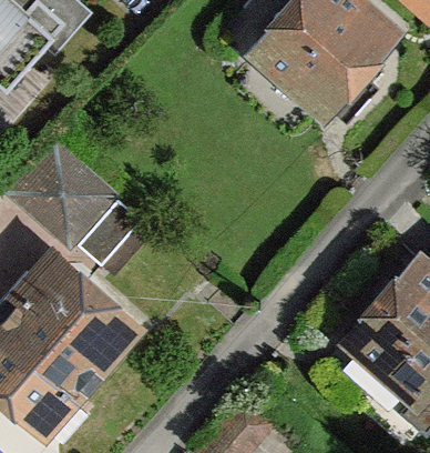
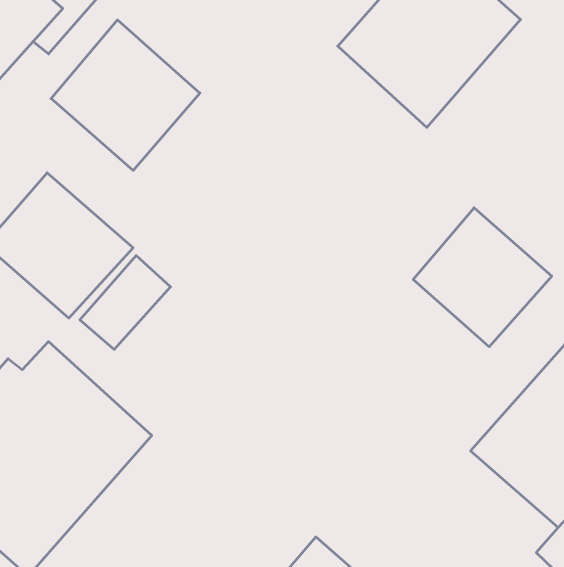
building: none -> [51,20,200,170]
building: none -> [413,208,552,347]

